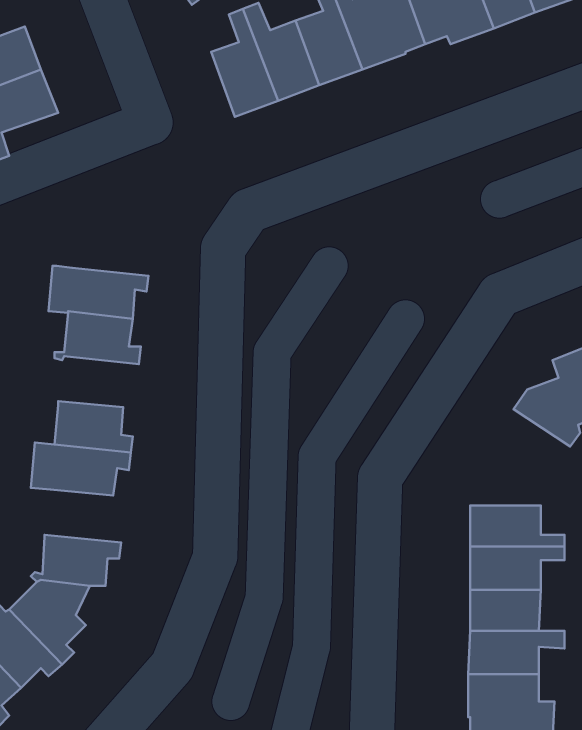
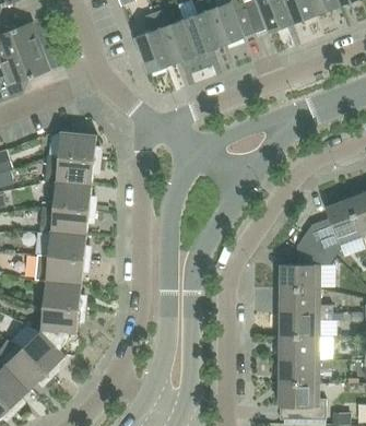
building: none -> [49,130,102,161]
building: none -> [39,205,95,234]
building: none -> [280,235,335,288]
building: none -> [37,280,86,309]

